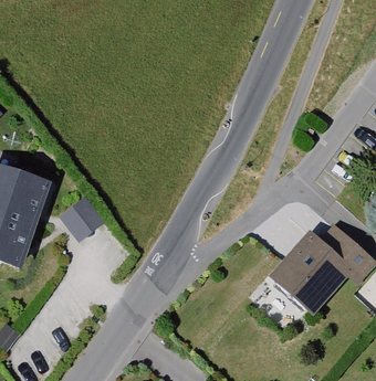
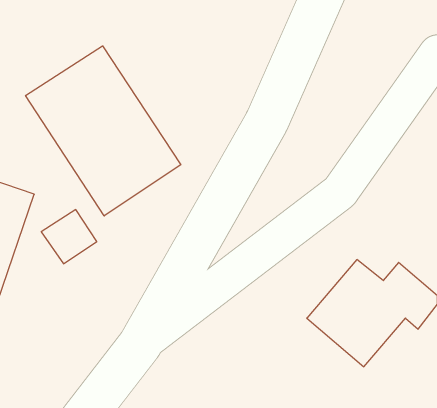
building: none -> [26,46,181,216]

